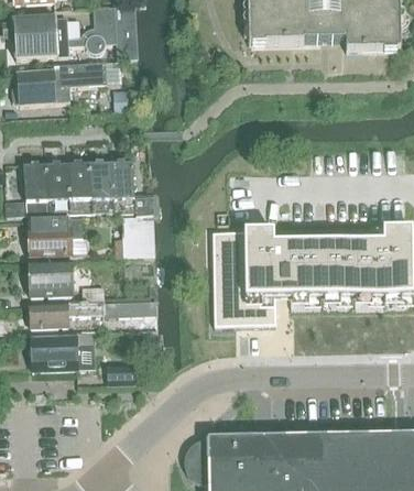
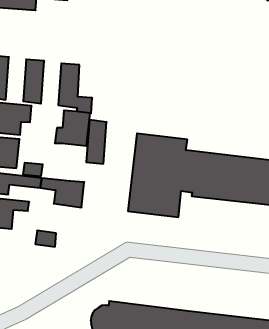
building: [89,159,113,210] -> [86,120,107,164]
building: [46,160,70,211] -> none

